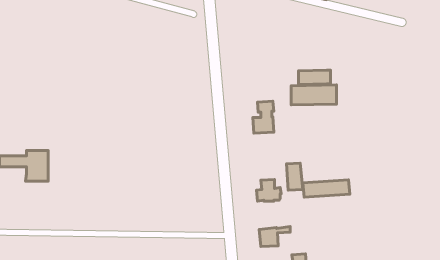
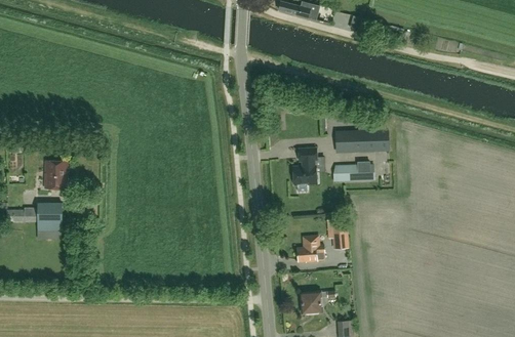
building: [299,70,330,85] -> [338,165,373,181]
building: none -> [44,161,67,189]
building: [303,180,350,197] -> none

